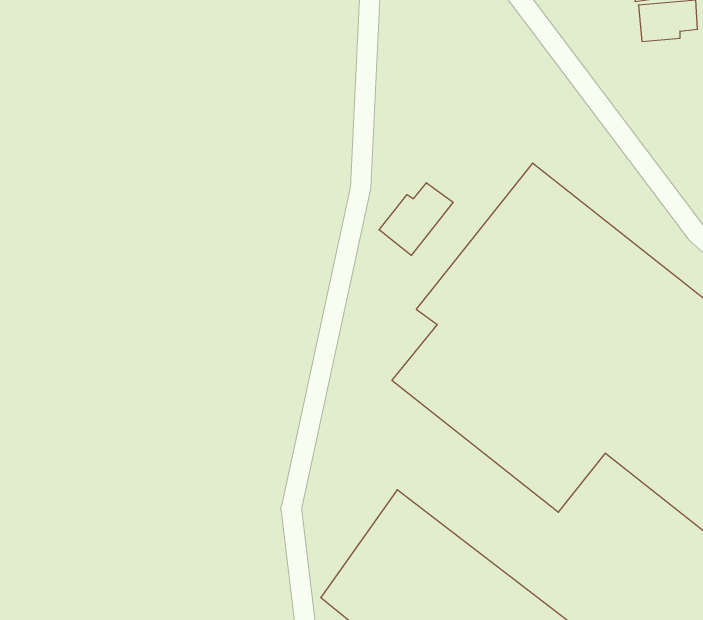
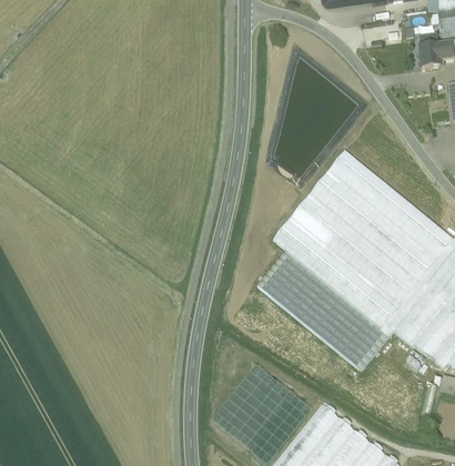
building: [379,183,453,255] -> none

